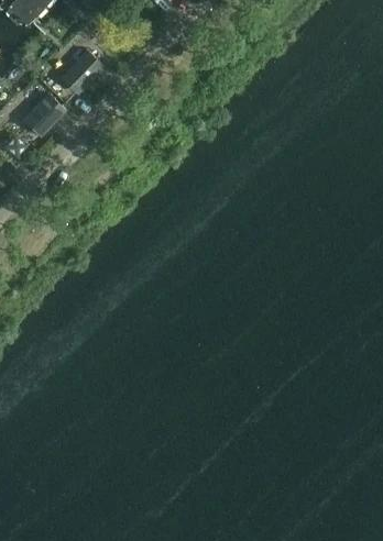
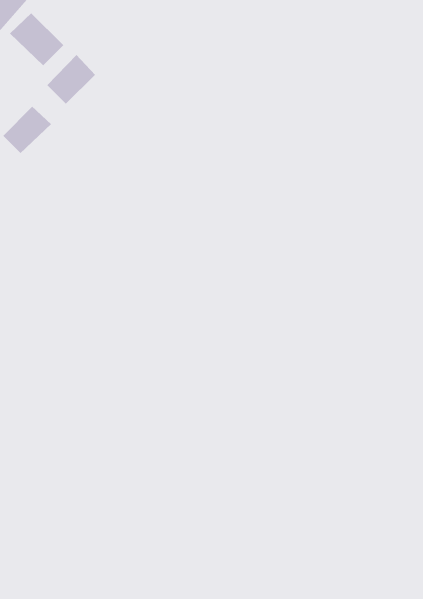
building: none -> [9,13,64,66]

